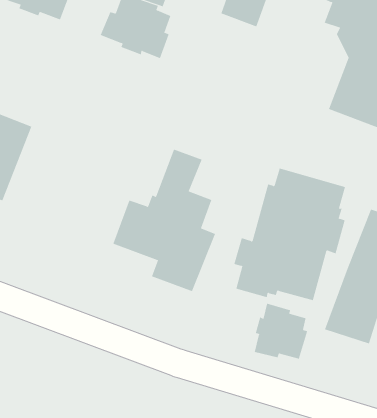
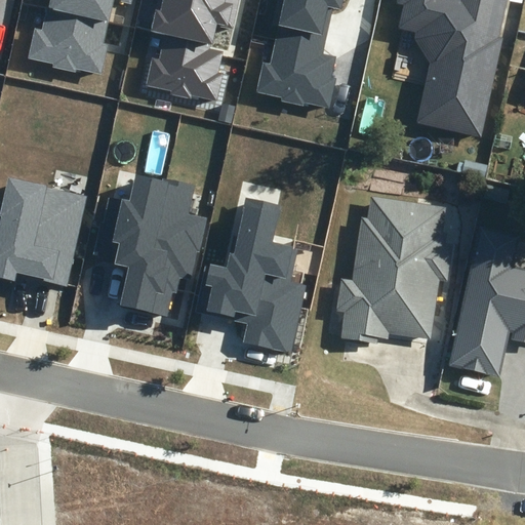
building: none -> [259,40,339,107]
building: none -> [94,171,209,311]
building: [254,303,308,360] -> none

